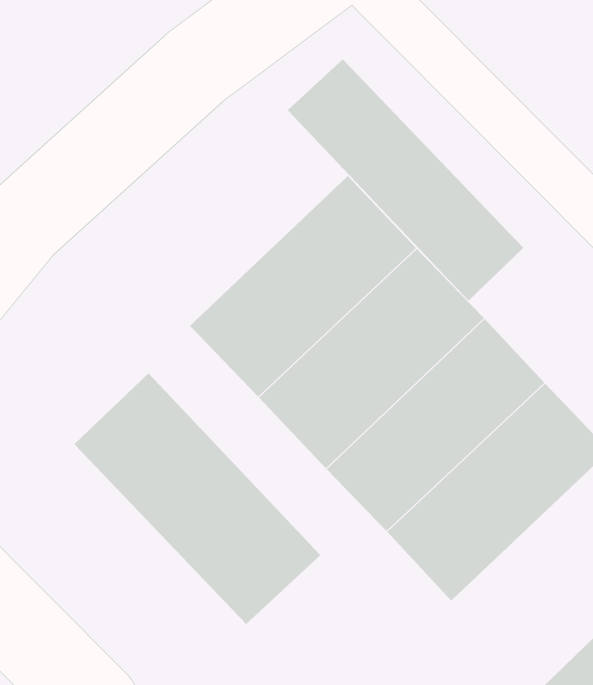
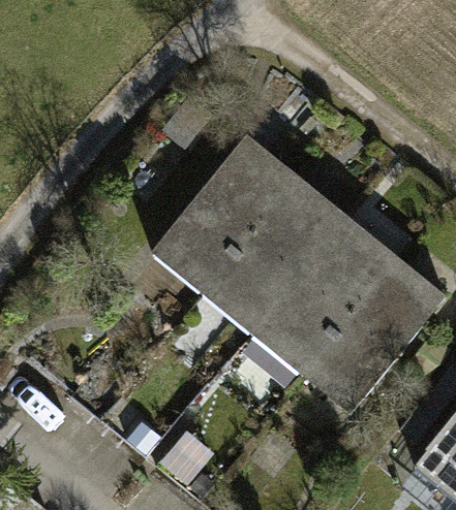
building: [287,58,524,302] -> none
building: [74,373,321,625] -> none

